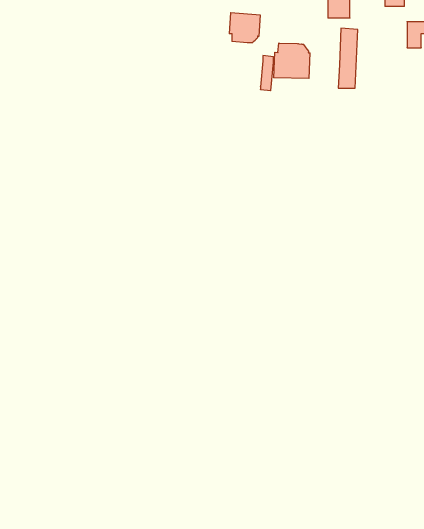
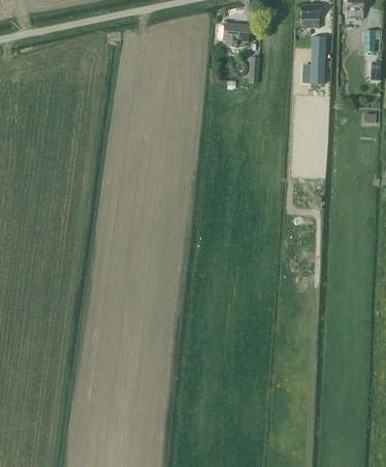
building: [274,43,310,78] -> none

